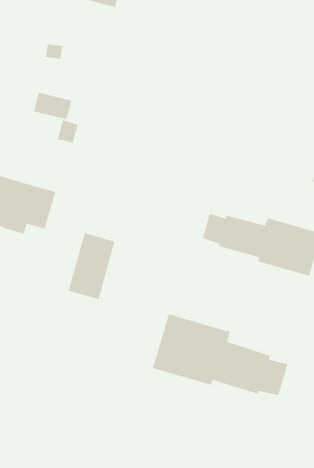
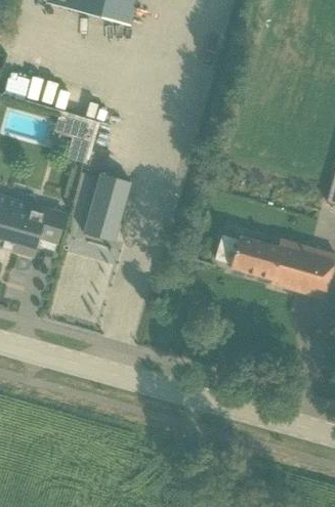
building: [68,233,115,300] -> [83,172,131,241]
building: [152,314,288,396] -> none

